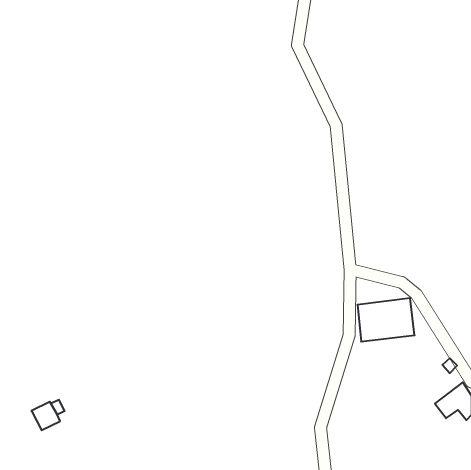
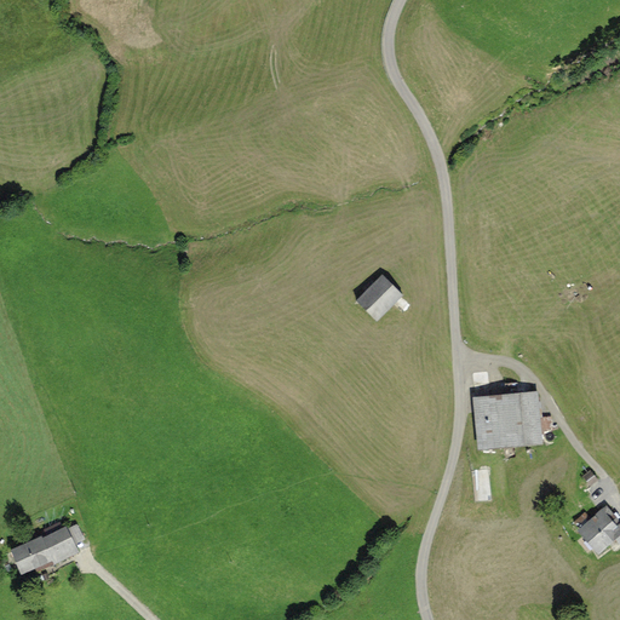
building: none -> [354,272,401,318]
building: none -> [12,538,56,575]

